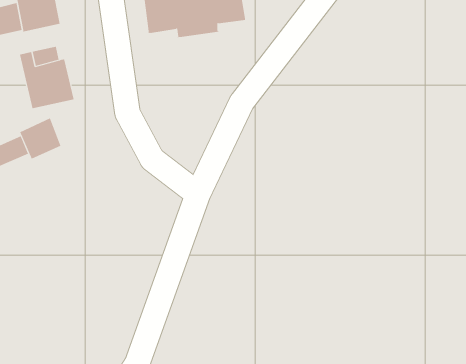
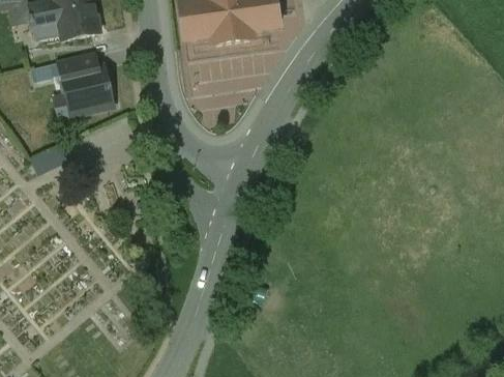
building: [20,118,61,160] -> none

